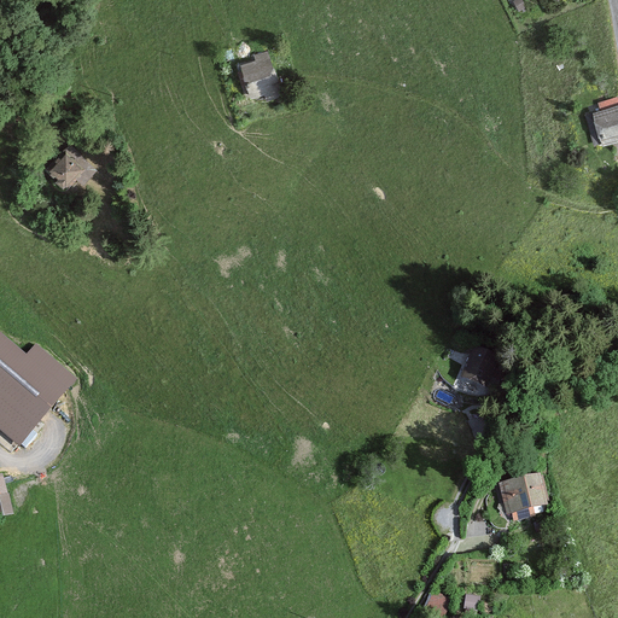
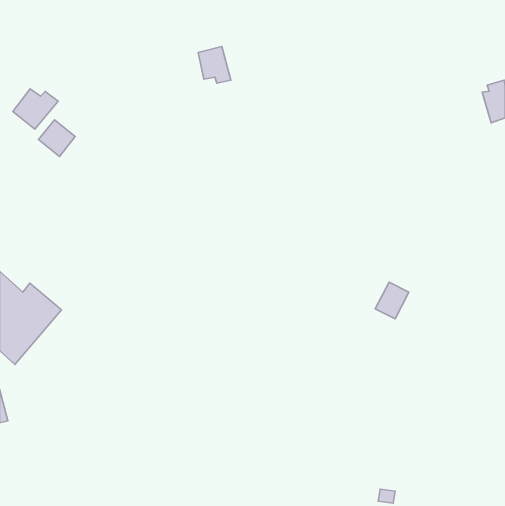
building: none -> [13,89,58,129]
building: [499,474,547,513] -> none

